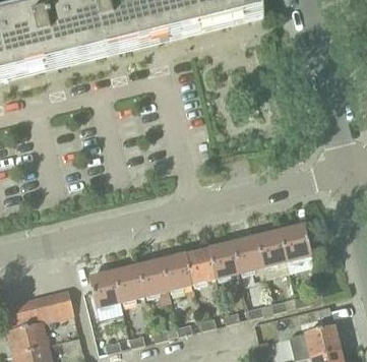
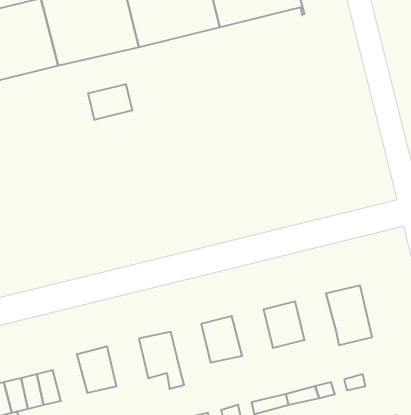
building: none -> [88,84,132,120]
building: [257,231,291,277] -> none
building: [208,243,240,279] -> none
building: [162,254,192,290] -> none
building: [113,265,144,302] -> none

